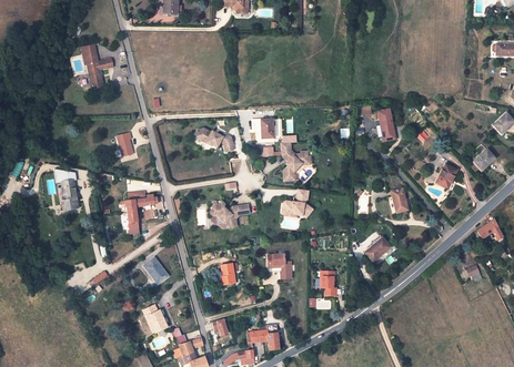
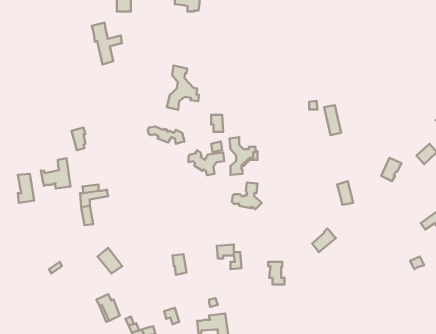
building: [81,45,112,89] -> [92,23,122,64]
building: none -> [167,65,199,110]
building: none -> [41,158,71,189]
building: [212,203,249,228] -> [189,150,224,175]

